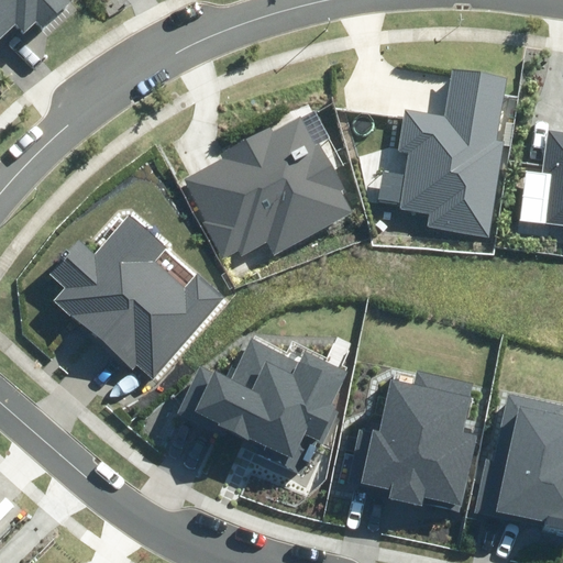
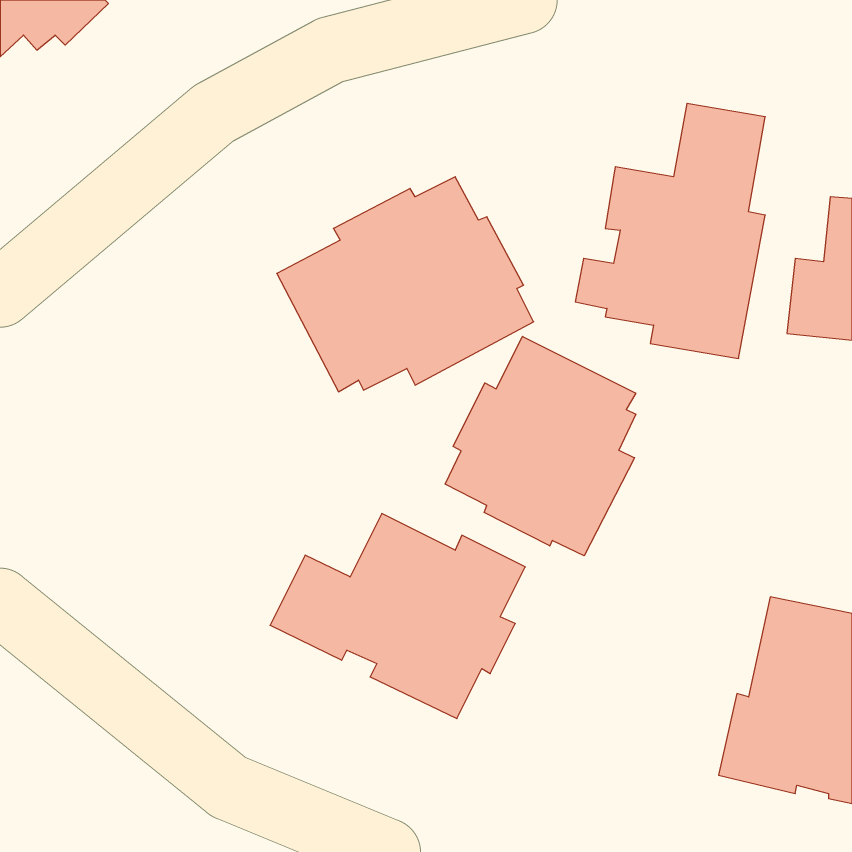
building: [51,213,224,379] -> none
building: none -> [445,336,636,556]
building: [350,372,478,511] -> none

